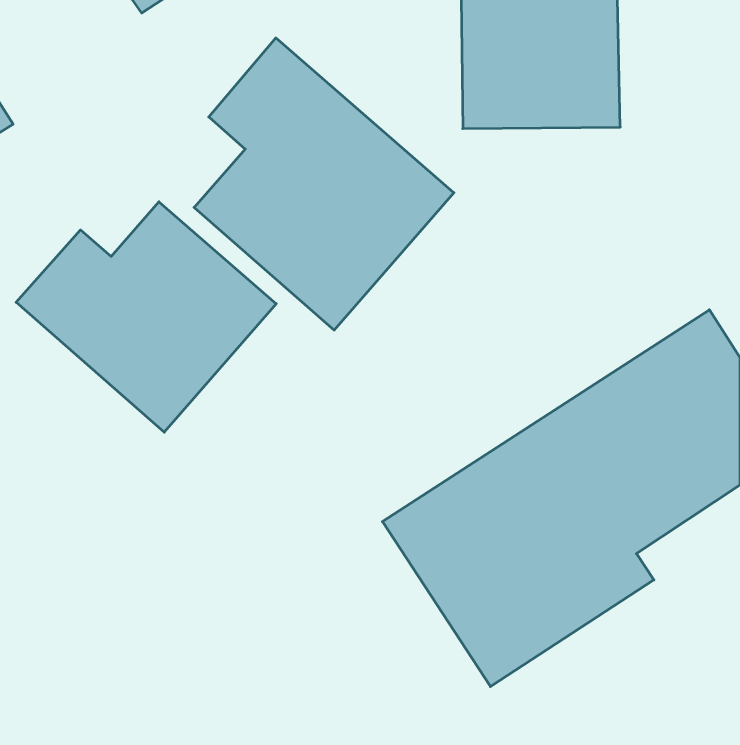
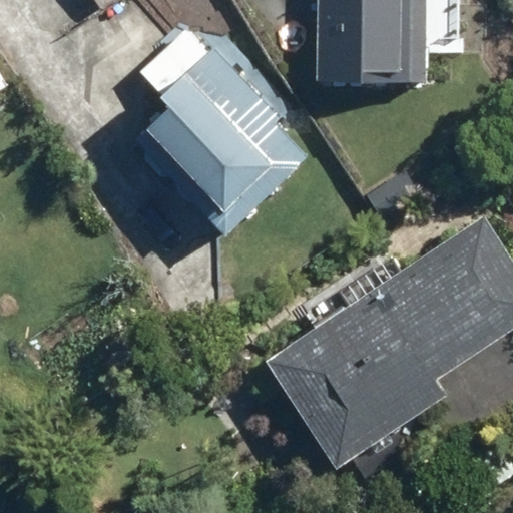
building: [16,202,276,432] -> none

